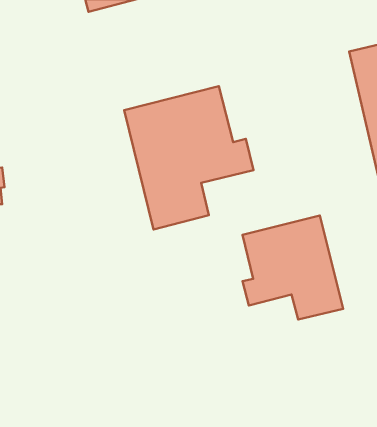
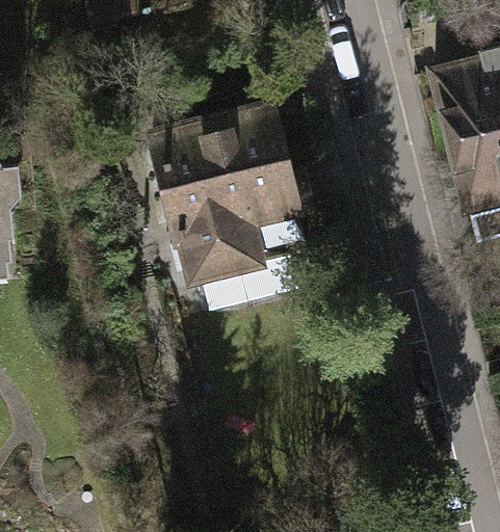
building: [242,216,343,320] -> none

